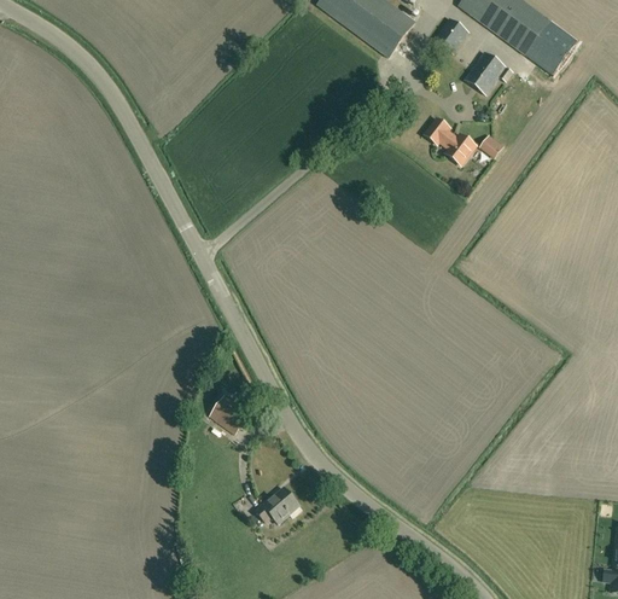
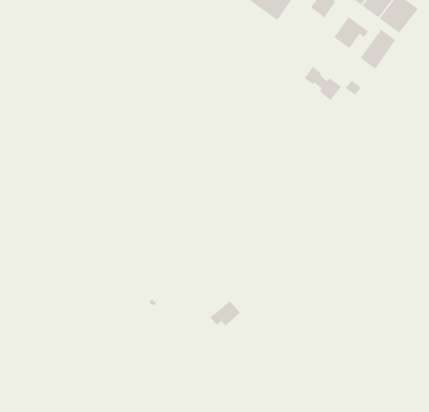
building: none -> [360,29,396,69]
building: [209,396,249,435] -> none
building: [256,488,298,523] -> [209,300,241,326]

